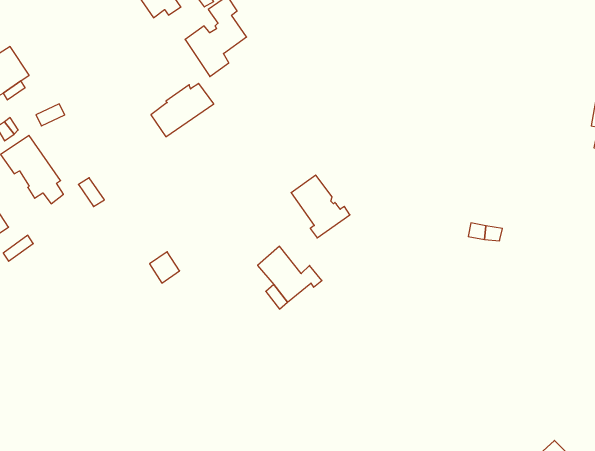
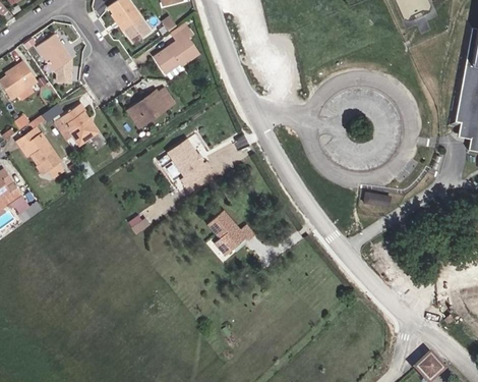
building: none -> [36,34,70,83]
building: none -> [53,104,97,146]
building: [291,175,350,238] -> [167,143,211,189]

